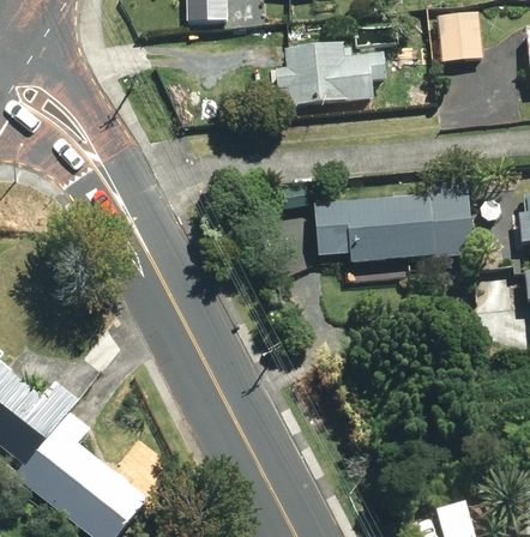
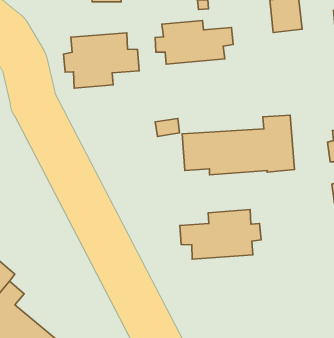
building: none -> [63,33,139,88]
building: none -> [180,210,261,259]

